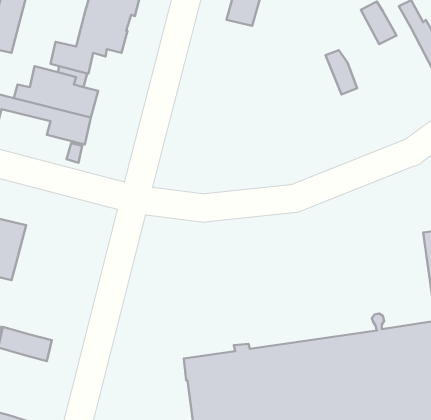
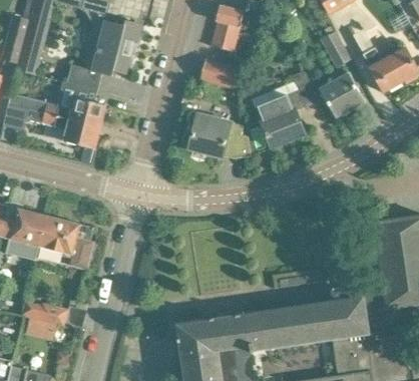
building: none -> [199,60,238,88]
building: none -> [319,74,363,117]
building: none -> [255,91,304,147]
building: none -> [187,115,250,159]
building: none -> [38,216,92,271]

